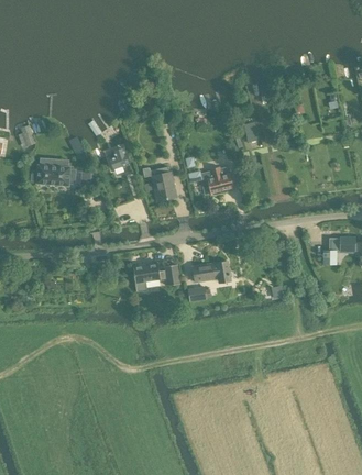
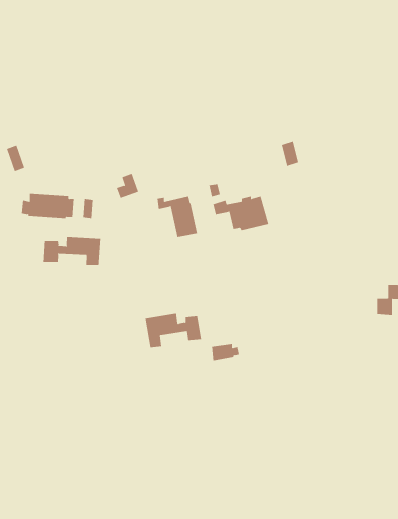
building: none -> [43,236,101,267]
building: [193,261,231,283] -> none

